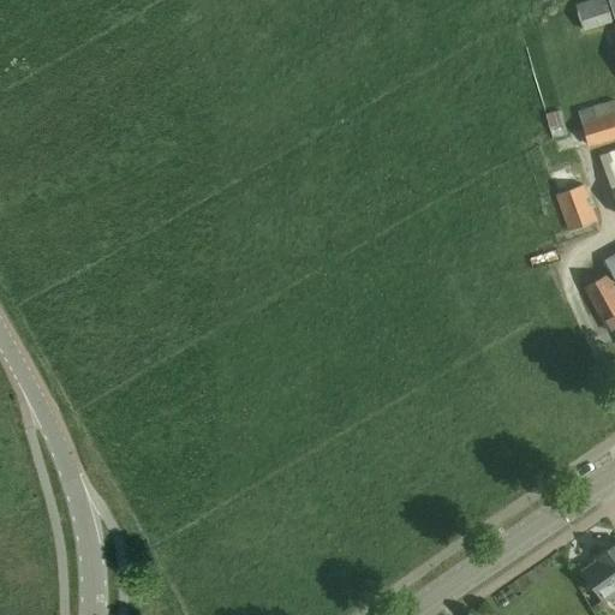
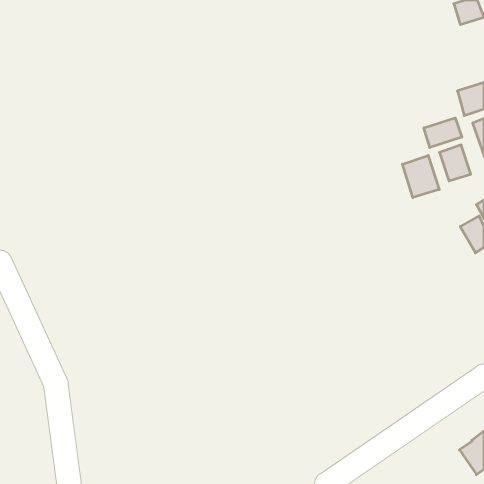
building: none -> [424,118,462,148]
building: none -> [402,155,439,198]

